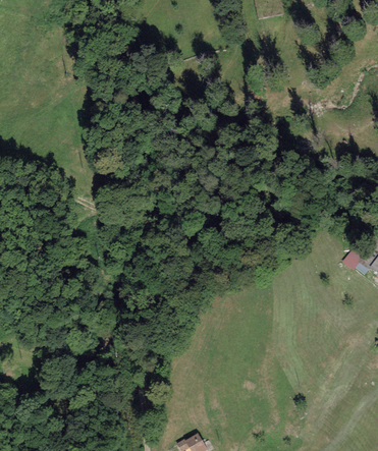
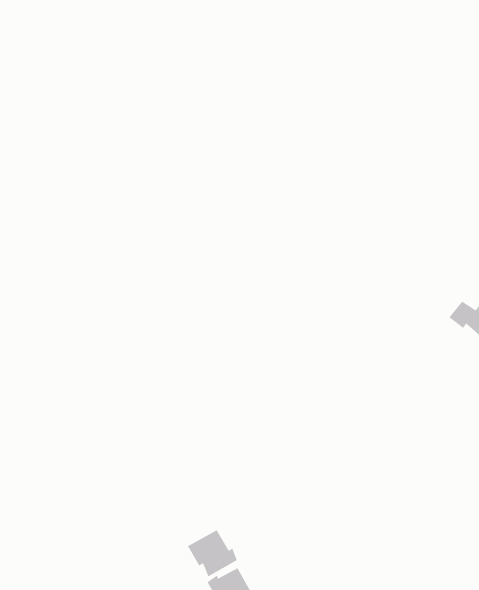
building: none -> [187,529,238,577]

